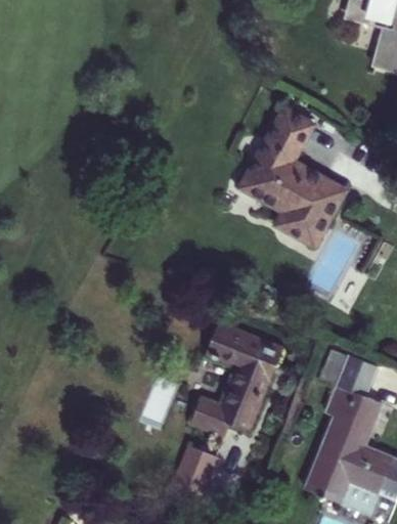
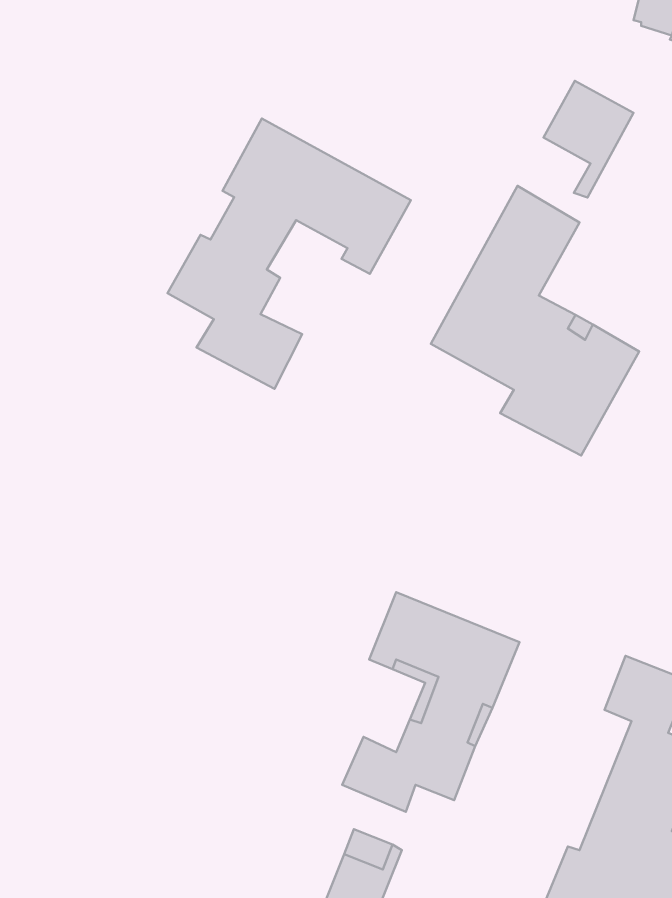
building: none -> [543,81,634,198]
building: none -> [167,119,411,389]

